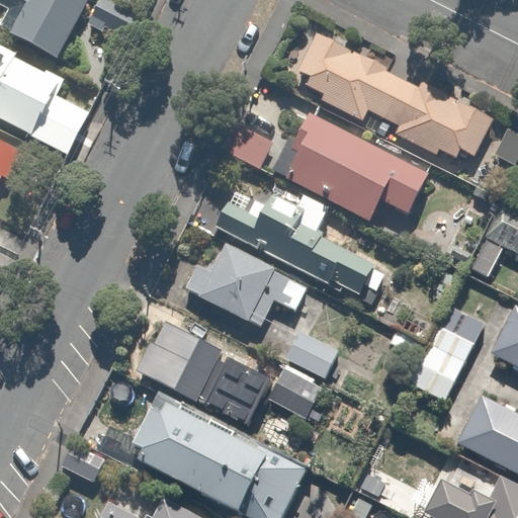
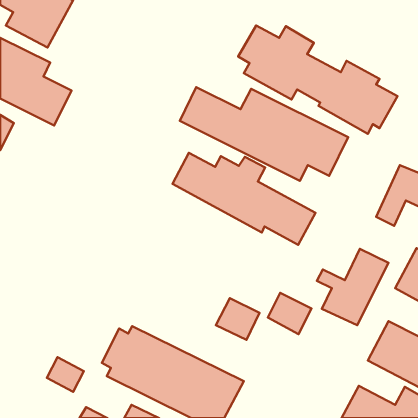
building: [184,243,310,329] -> none
building: [138,323,267,416] -> none
building: [287,328,341,378] -> [268,293,312,334]

